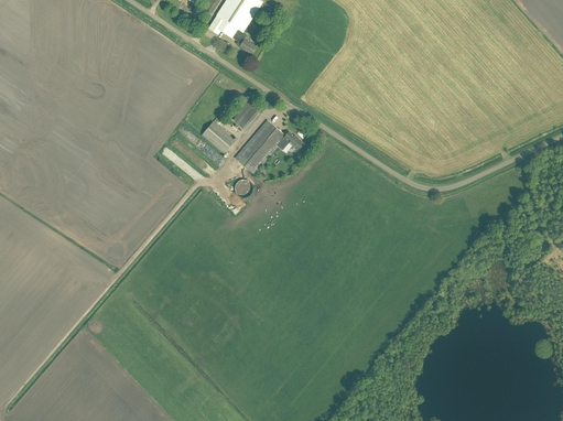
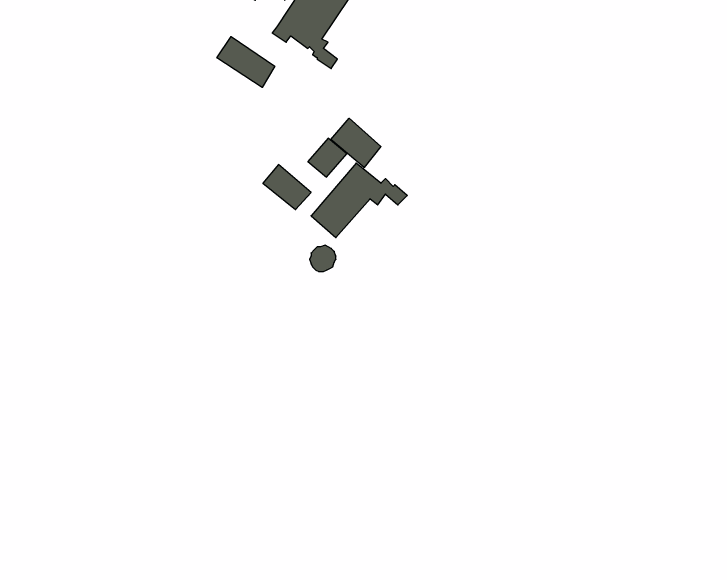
building: none -> [217,37,275,87]
building: none -> [331,118,381,168]

